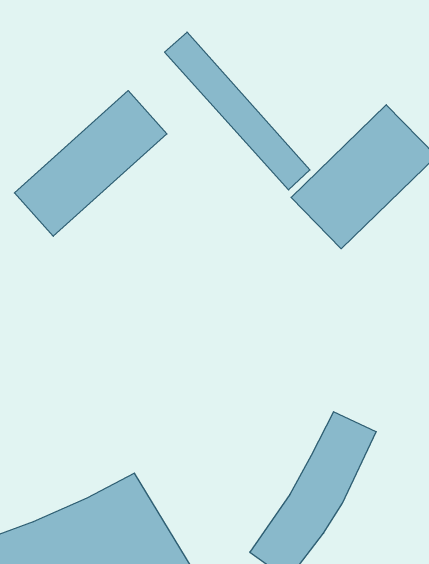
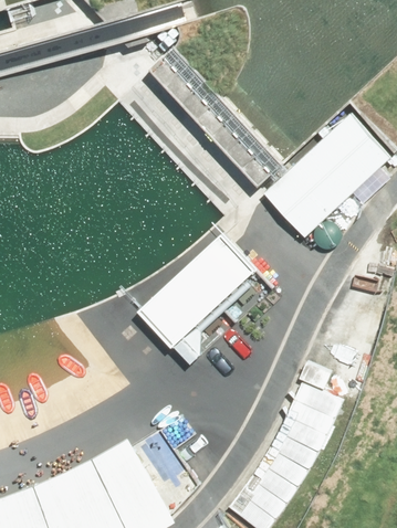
building: [14,91,167,236] -> none
building: none -> [129,233,262,360]

